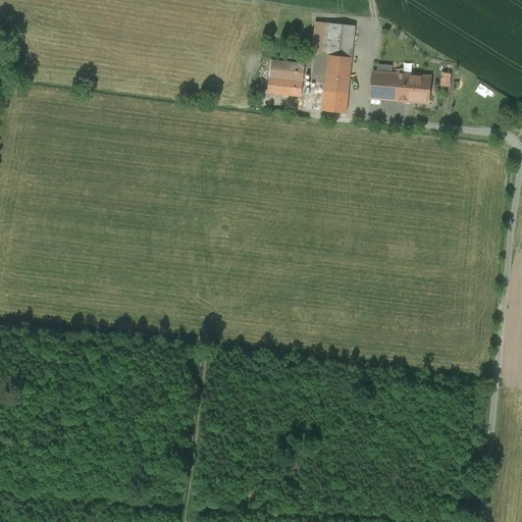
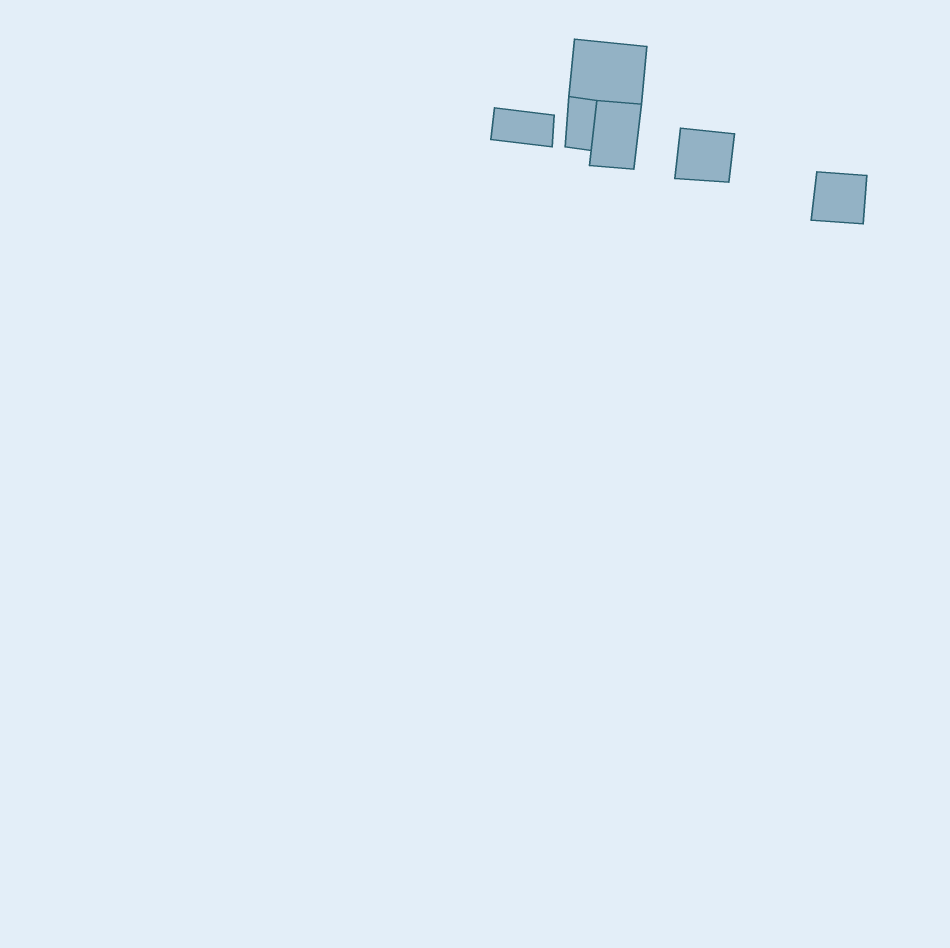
building: [400,73,430,102] -> [811,172,867,224]
building: [267,76,303,95] -> none
building: [321,91,348,112] -> none

